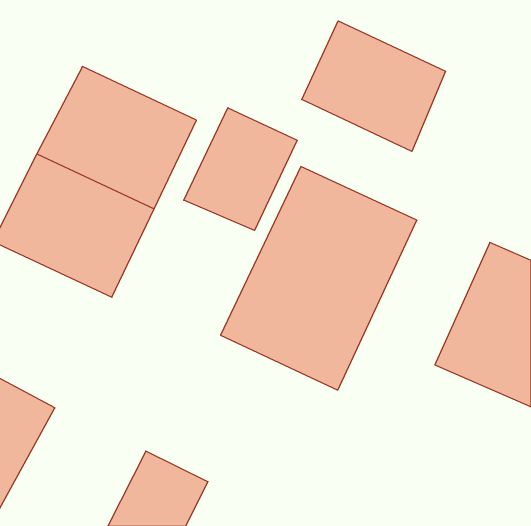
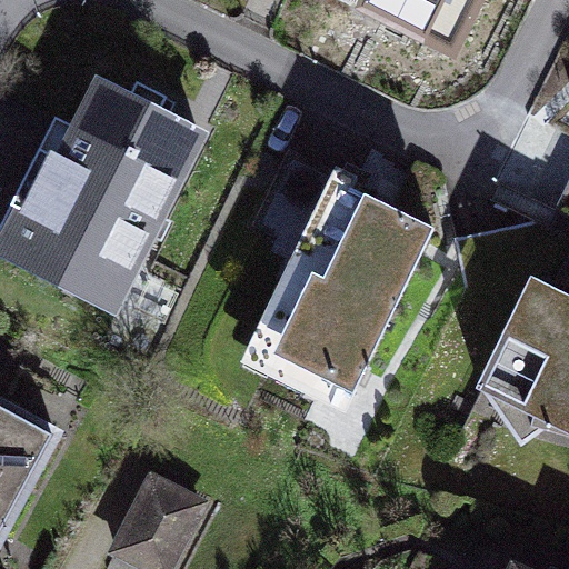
building: [302,21,446,151] -> none
building: [184,108,297,230] -> none

